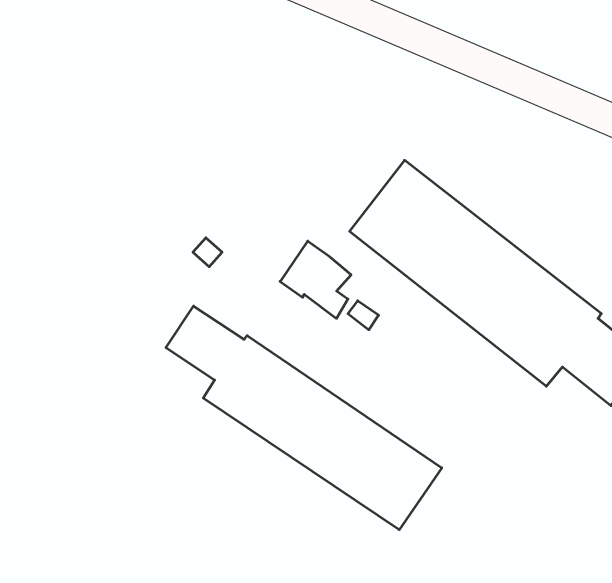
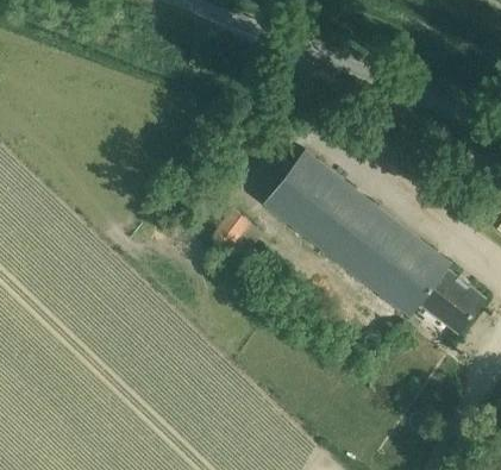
building: [166,306,442,530] -> none

